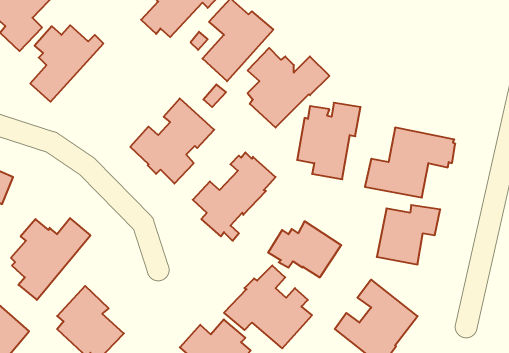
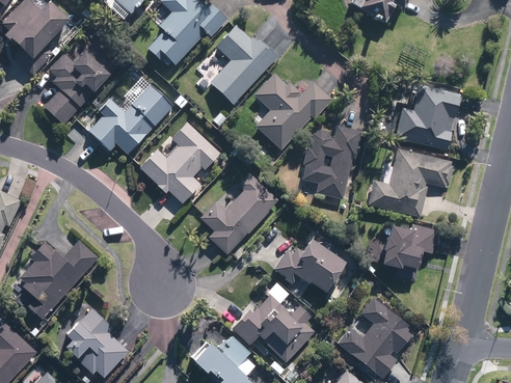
building: none -> [86,79,170,156]
building: none -> [392,86,458,152]

